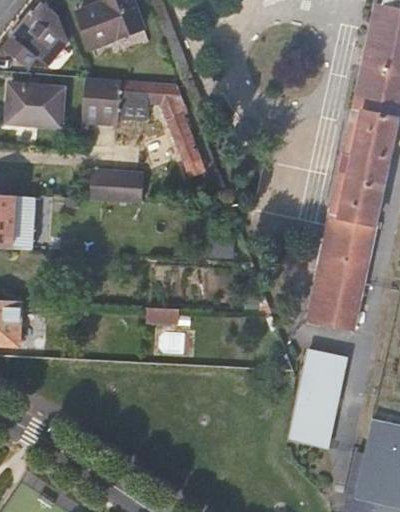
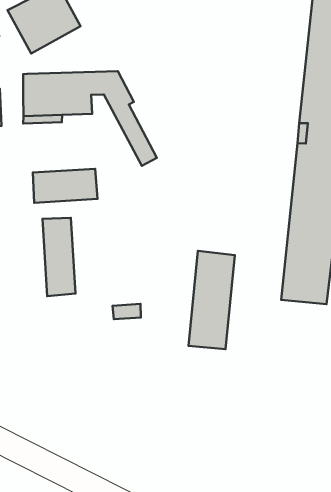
building: none -> [42,218,75,296]
building: [292,350,346,447] -> [188,251,235,349]

